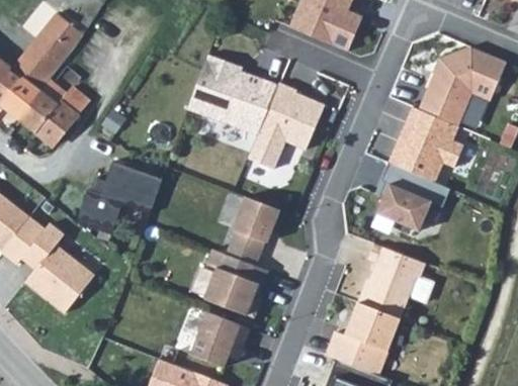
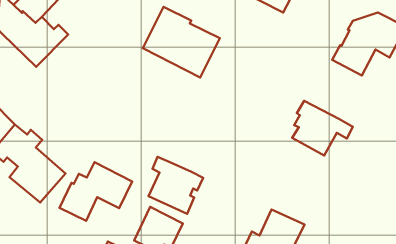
building: [247,89,323,176] -> none
building: [387,104,463,180] -> none
building: [69,160,156,233] -> [60,162,132,221]
building: [227,193,280,261] -> none
building: [358,249,425,315] -> none

